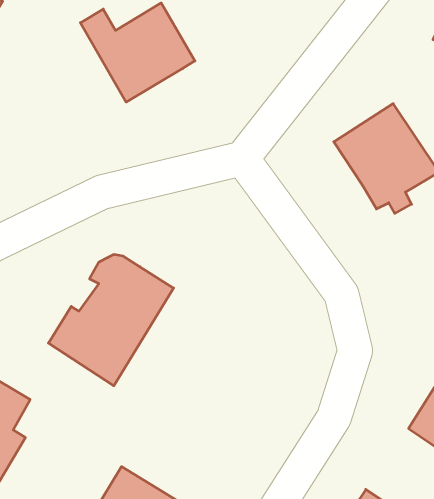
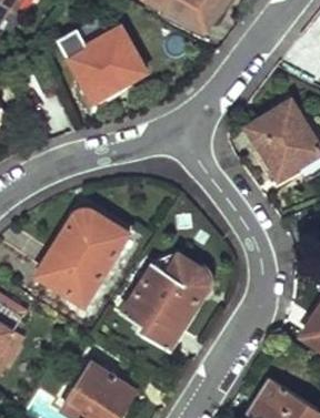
building: none -> [122,255,207,351]

